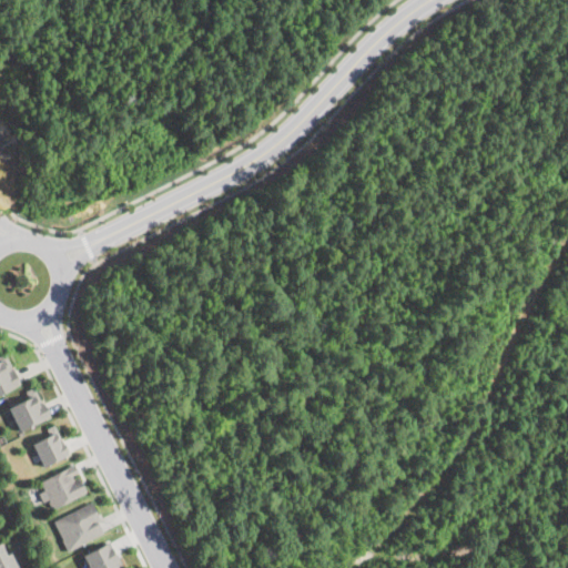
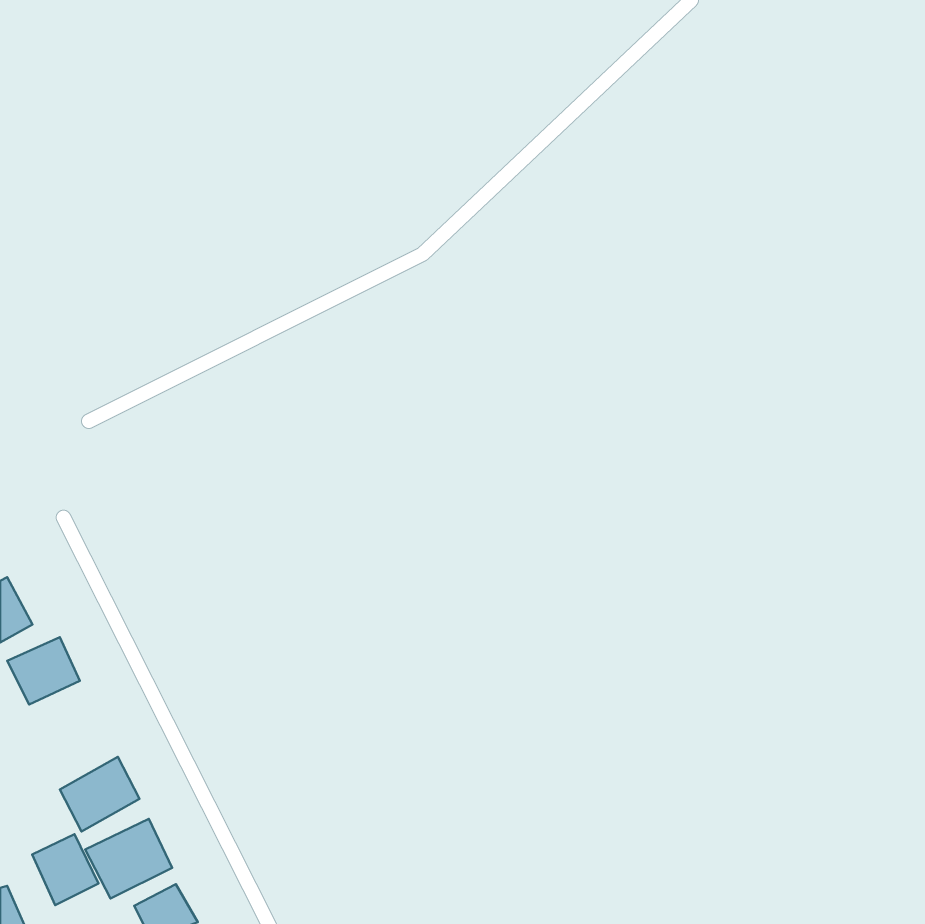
building: [29,427,70,468] -> none
building: none -> [32,834,98,905]

